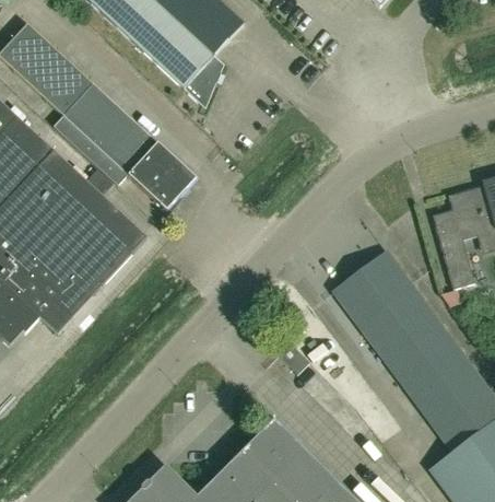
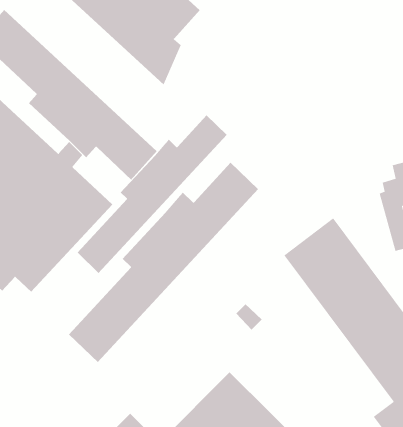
building: none -> [77,114,228,274]
building: none -> [68,162,259,363]

